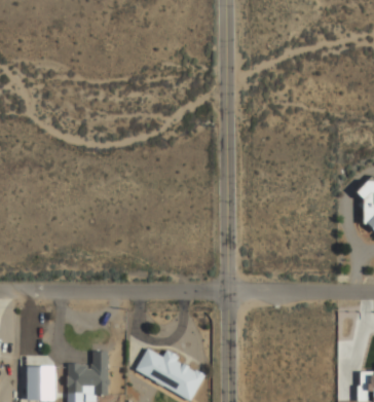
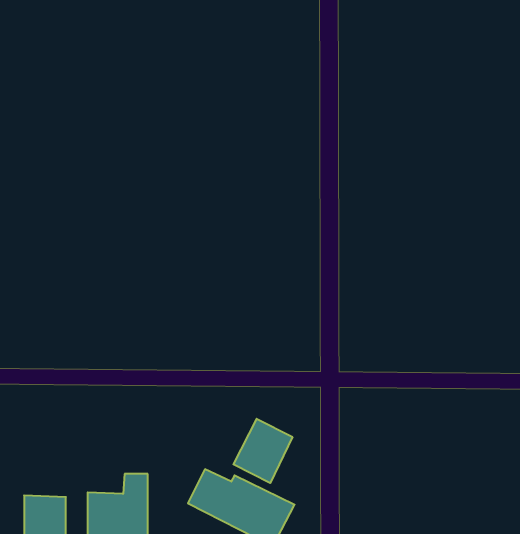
building: none -> [233,419,292,483]

